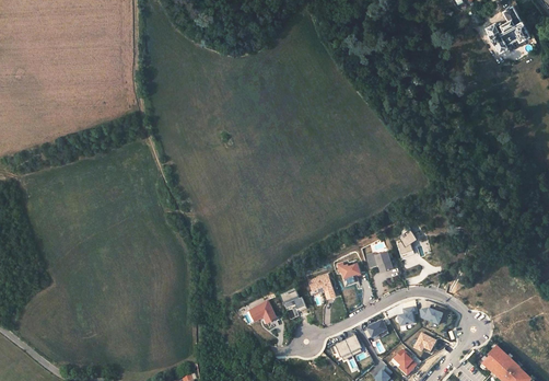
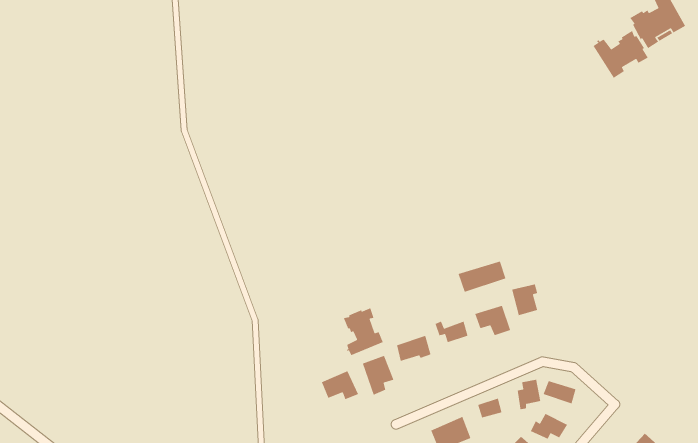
building: none -> [593,30,649,79]
building: none -> [457,260,506,293]
building: none -> [343,307,384,356]

